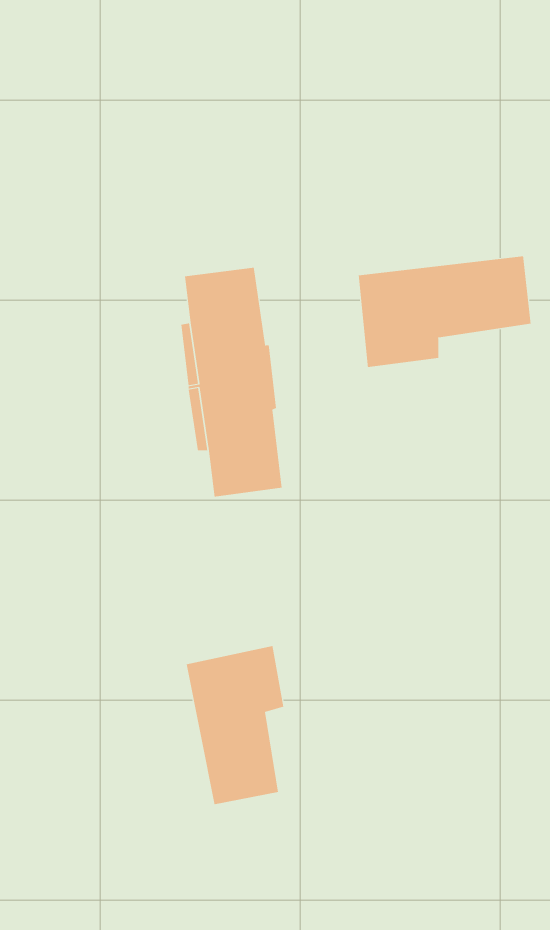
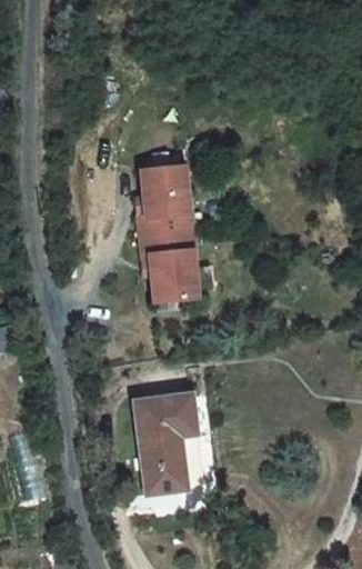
building: [358,255,531,368] -> none

